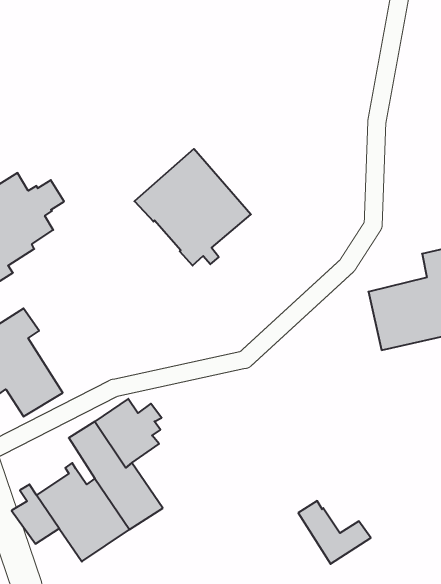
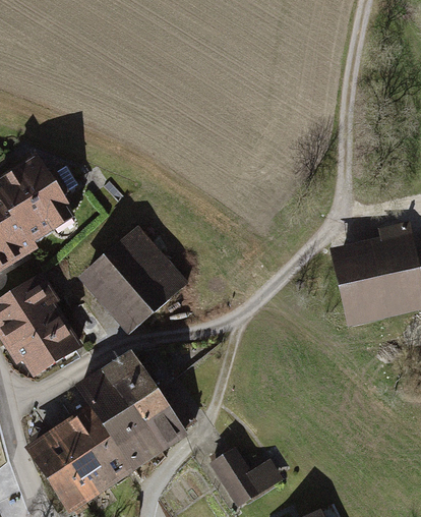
building: [134,149,251,266] -> [84,230,184,330]
building: none -> [133,394,192,449]
building: [298,501,371,564] -> [210,449,273,503]
building: none -> [51,466,91,509]

